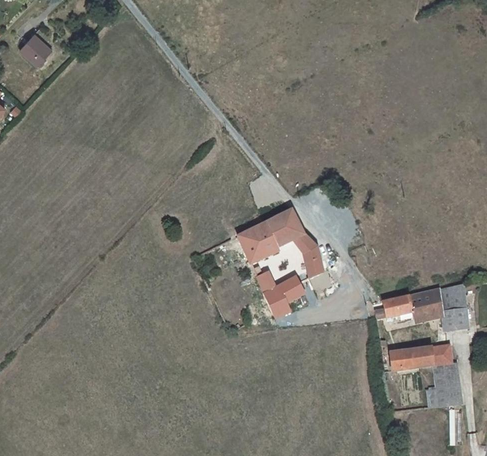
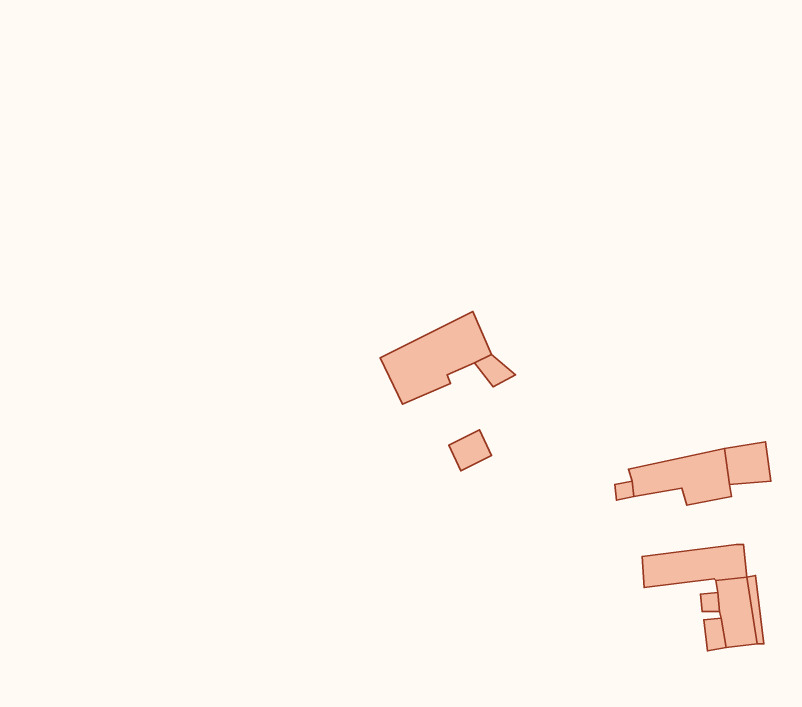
building: [20,32,52,65] -> none
building: [304,245,323,276] -> none
building: [257,270,289,316] -> none
building: [442,307,468,330] -> none

